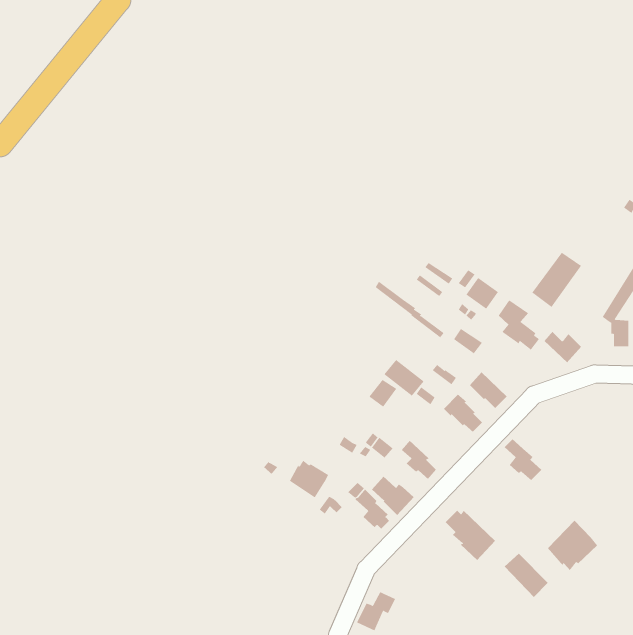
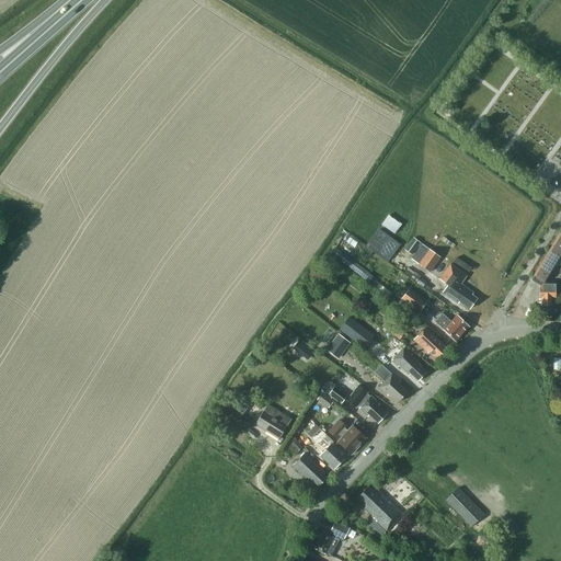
building: [532,252,582,308] -> none
building: [543,331,582,363] -> [436,313,470,342]
building: [504,439,542,481] -> [375,365,409,402]
building: [445,510,496,561] -> [358,486,403,531]
building: none -> [294,454,327,486]
building: [547,520,598,571] -> none

